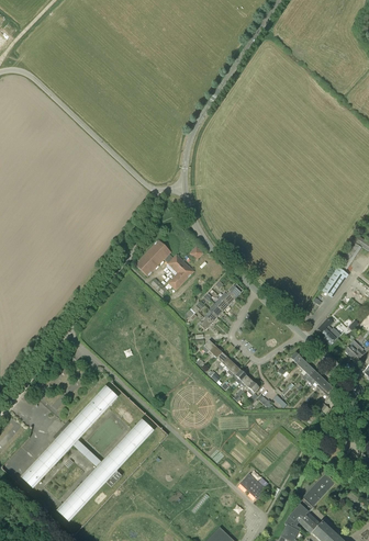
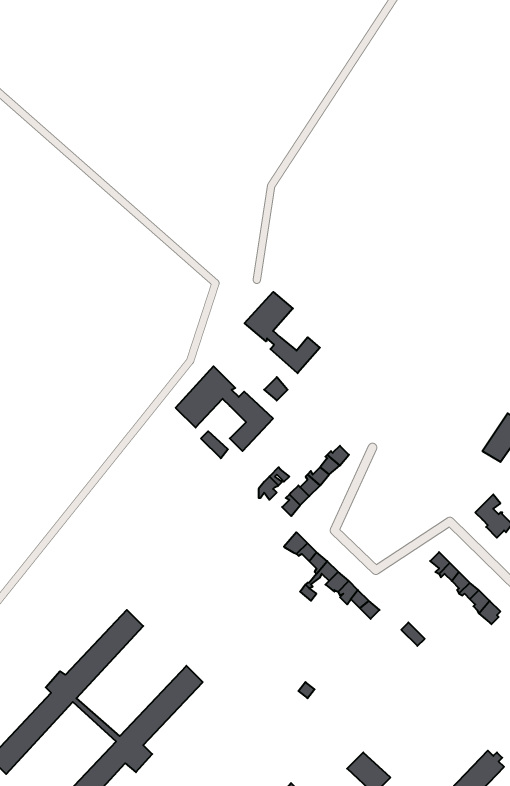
building: none -> [245,292,320,373]

